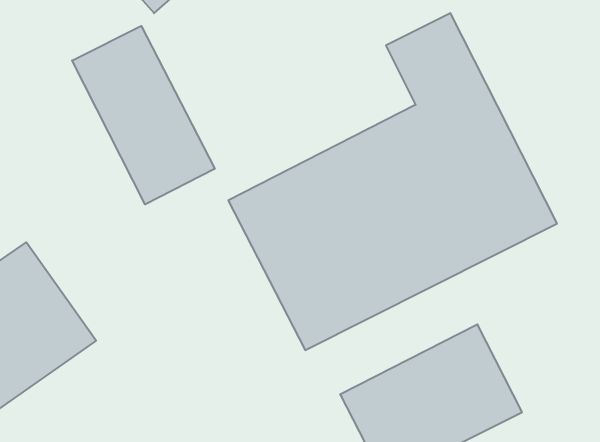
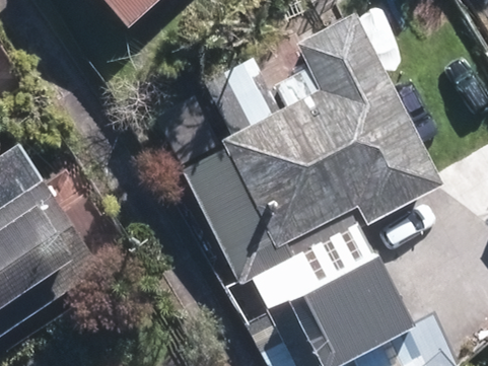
building: [72,26,215,204] -> none

